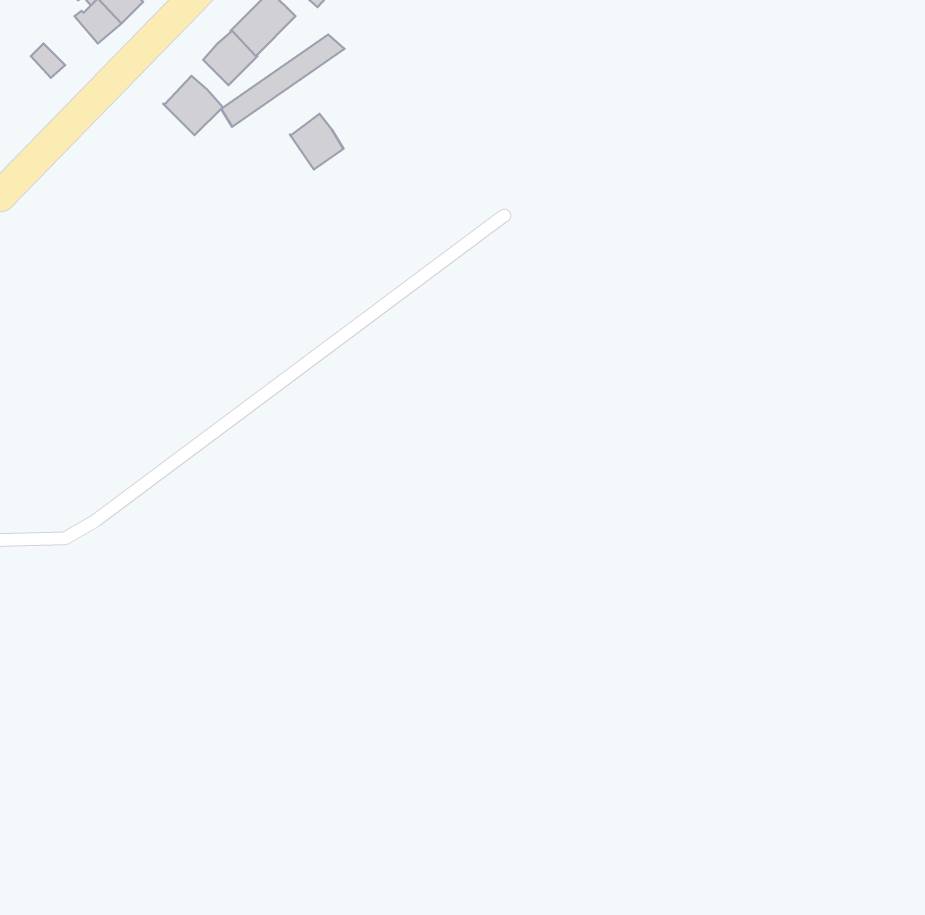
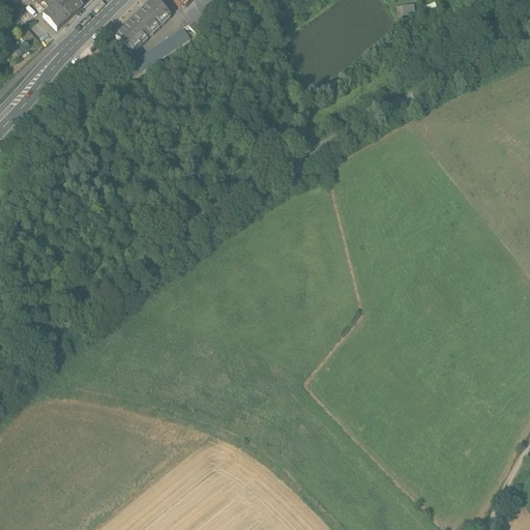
building: [163,76,223,135] -> none
building: [290,114,344,169] -> none

